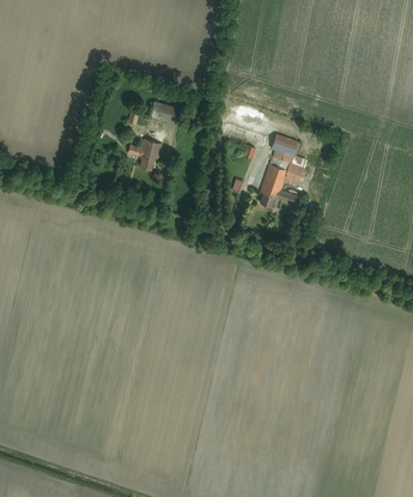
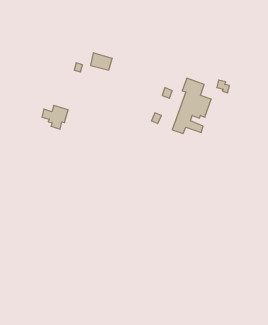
building: [128,139,163,170] -> [42,105,68,129]

